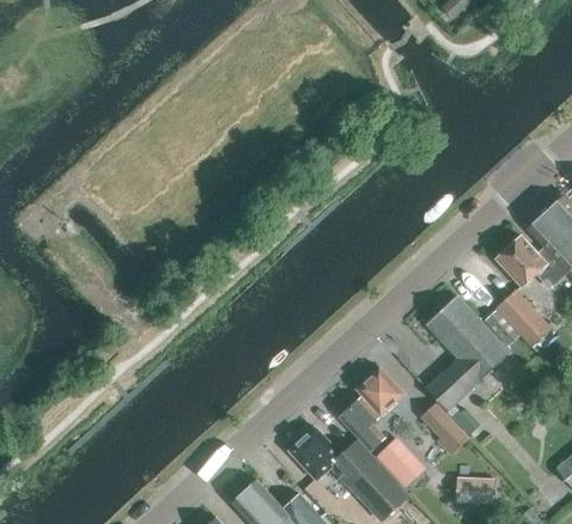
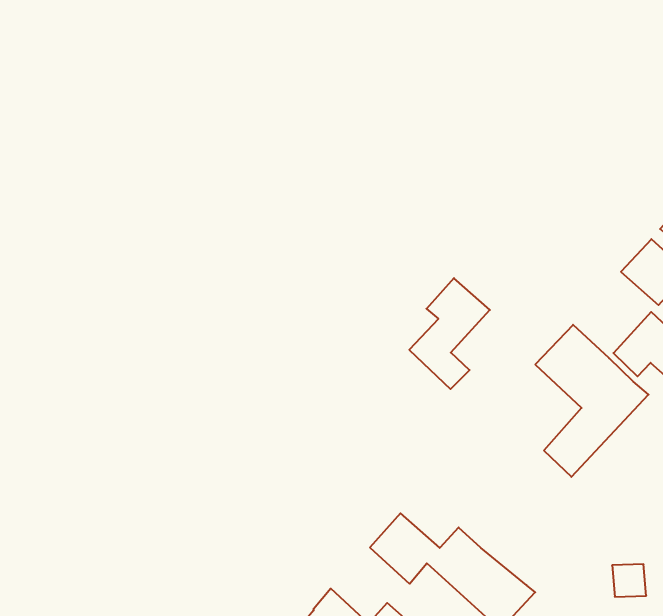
building: [341,367,404,451] -> [409,278,490,389]
building: [421,403,469,456] -> none
building: [373,439,424,489] -> none

